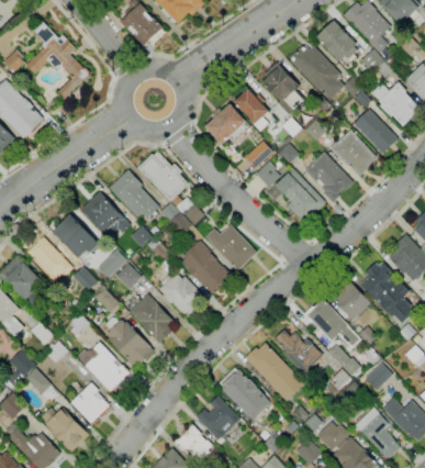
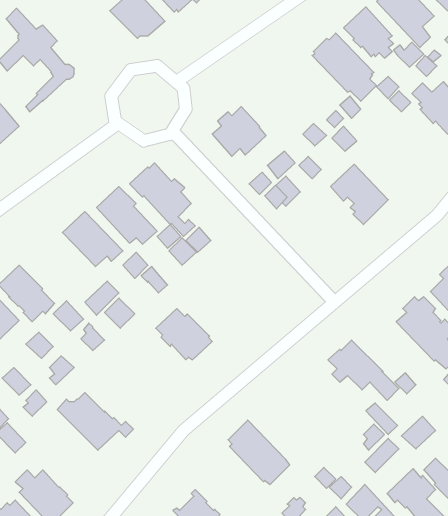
building: [261,62,300,109] -> none
building: [234,89,268,131] -> none
building: [354,109,398,154] -> none
building: [328,130,377,177] -> none
building: [275,168,325,223] -> none
building: [54,215,99,264] -> none
building: [205,224,257,271] -> none
building: [181,239,231,294] -> none
building: [331,281,370,321] -> none
building: [128,293,174,343] -> none
building: [105,316,155,368] -> none
building: [273,330,322,375] -> none
building: [245,343,304,401] -> none
building: [70,382,110,424] -> none
building: [195,397,239,439] -> none

